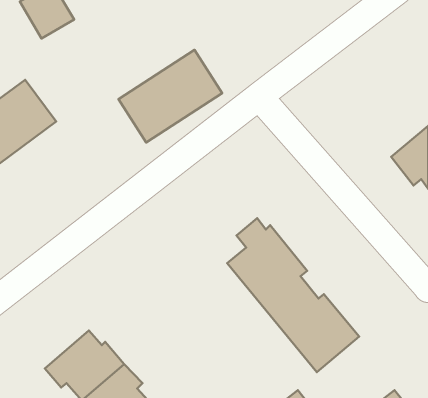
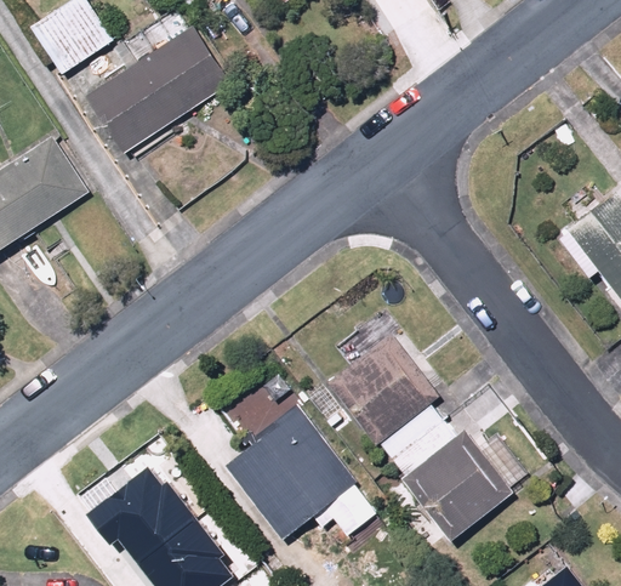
building: [119,50,222,142] -> [89,24,234,154]
building: none -> [228,408,375,540]

